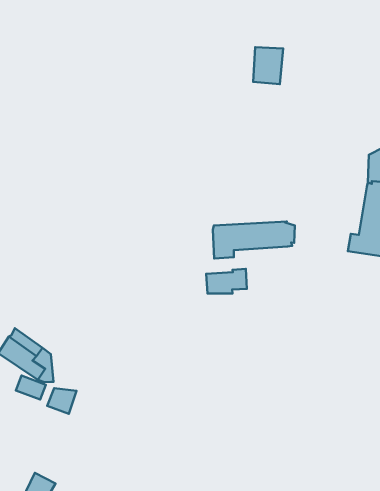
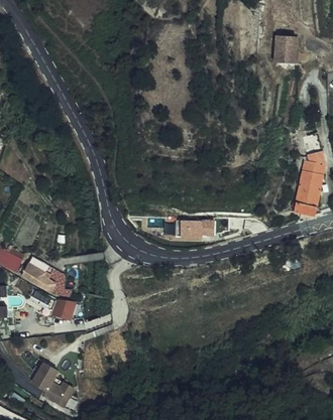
building: [253,47,283,84] -> [279,31,303,60]
building: [213,221,295,259] -> none

